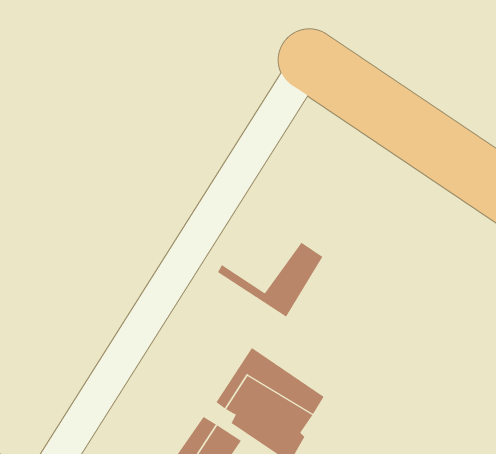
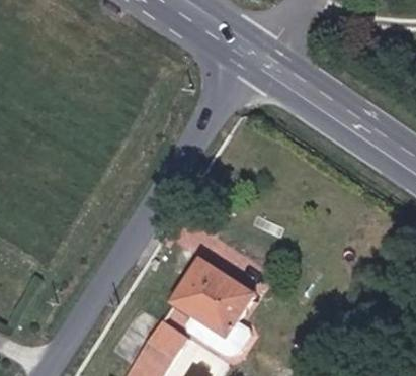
building: [217,242,323,317] -> none

